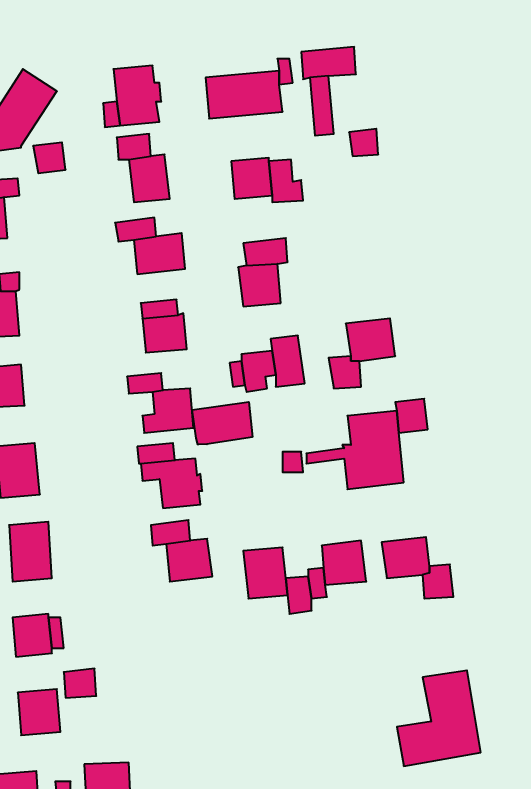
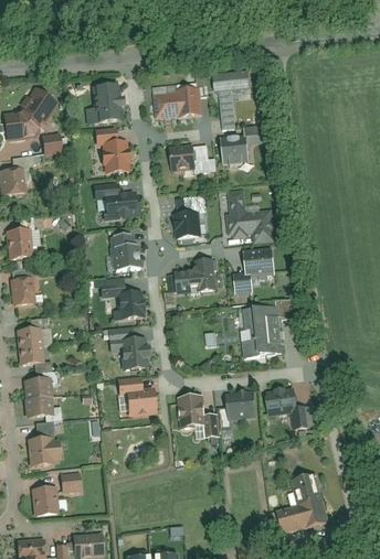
building: none -> [222,135,249,164]
building: none -> [228,190,275,241]
building: [192,402,252,445] -> none

